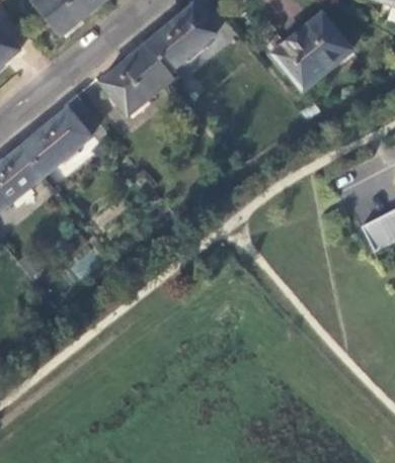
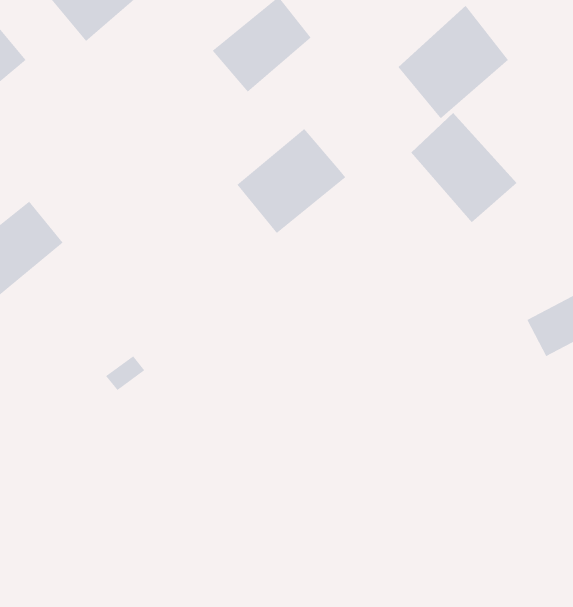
building: [100,42,175,114] -> [236,128,346,234]
building: none -> [411,112,518,223]
building: [22,106,91,173] -> none

